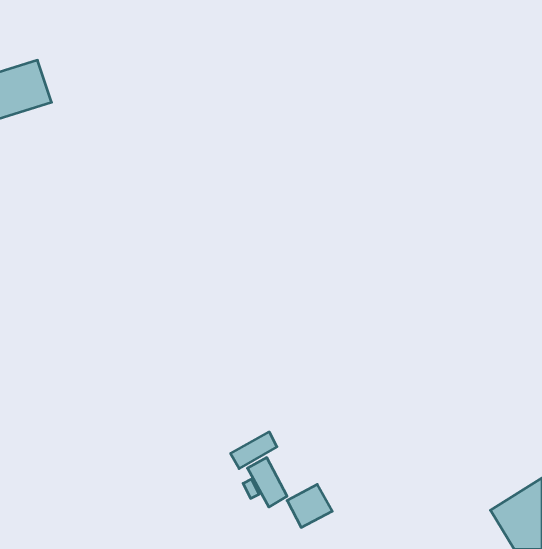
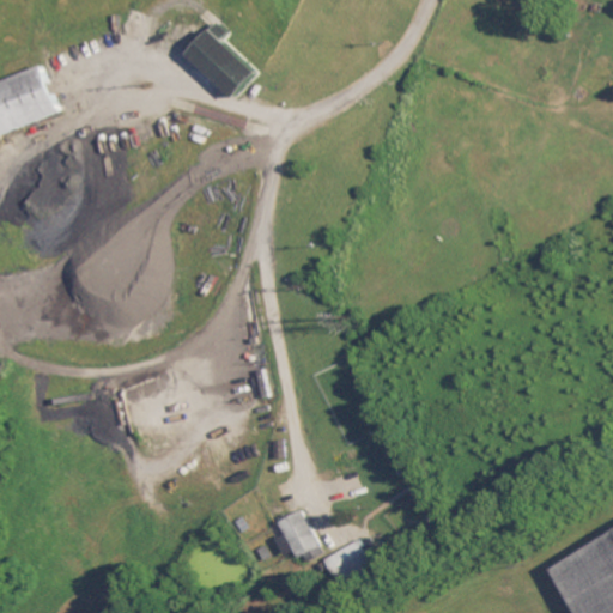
building: none -> [187,20,257,97]
building: [231,432,277,469] -> none

